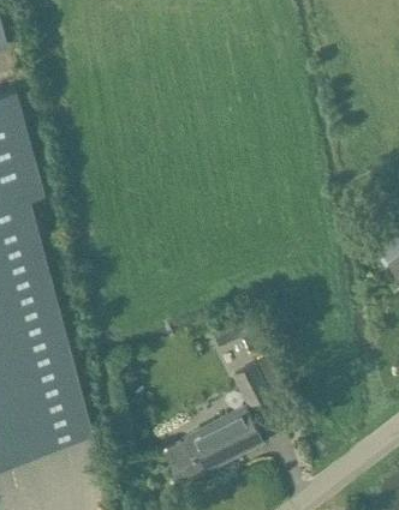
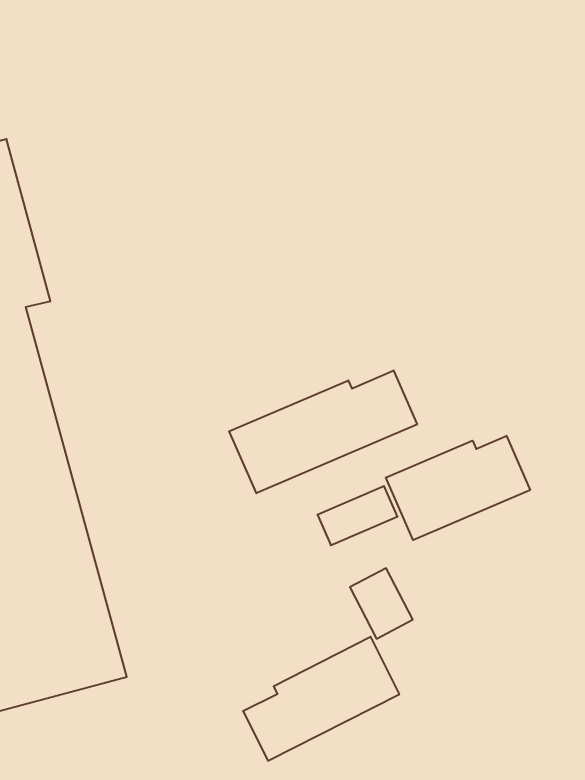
building: none -> [229,370,417,493]
building: none -> [386,436,530,540]

